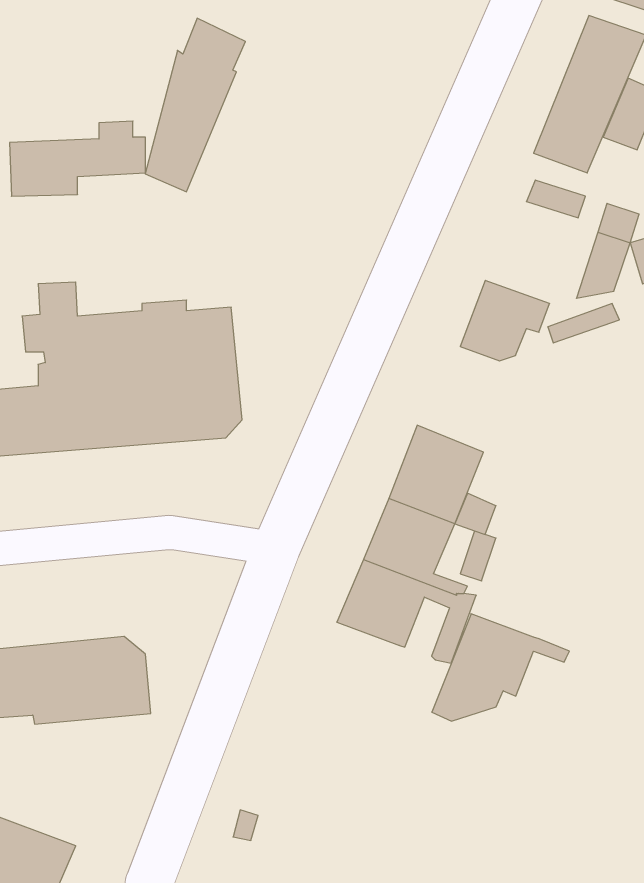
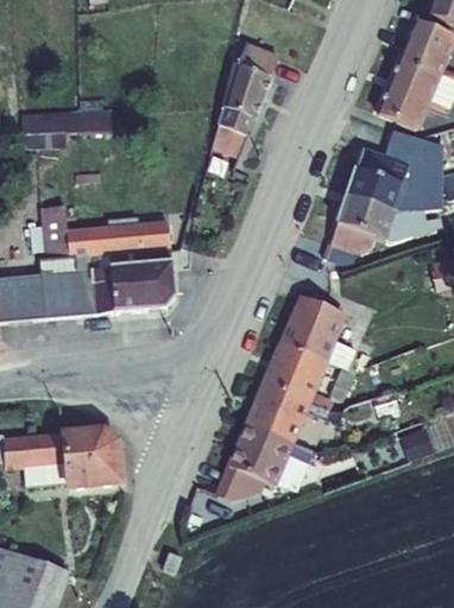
building: [145,18,245,192] -> [217,38,284,153]
building: none -> [342,148,404,215]
building: [432,614,569,721] -> [217,426,309,498]

